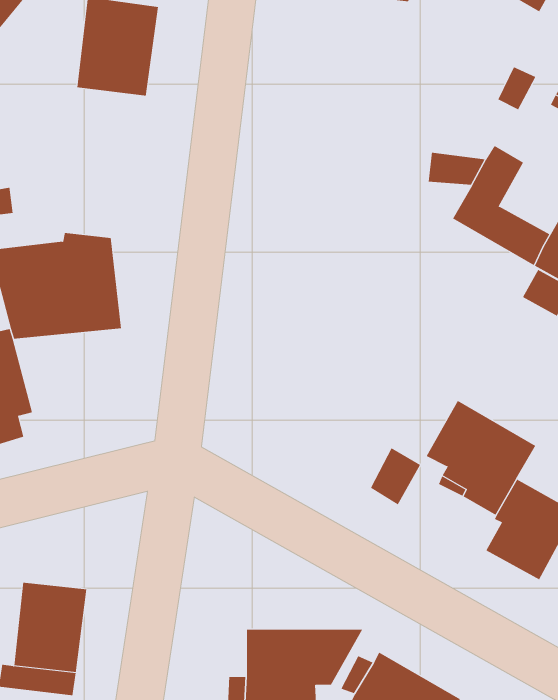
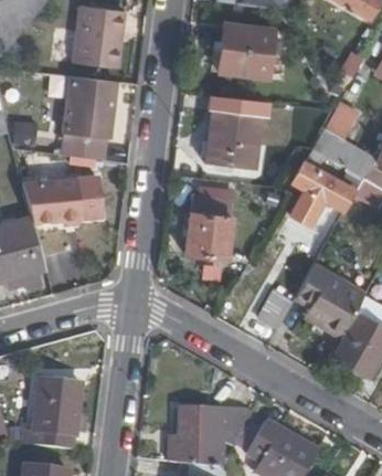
building: none -> [217,31,267,71]
building: none -> [64,76,117,160]
building: none -> [206,94,268,168]
building: none -> [287,162,354,224]
building: none -> [187,193,231,258]

